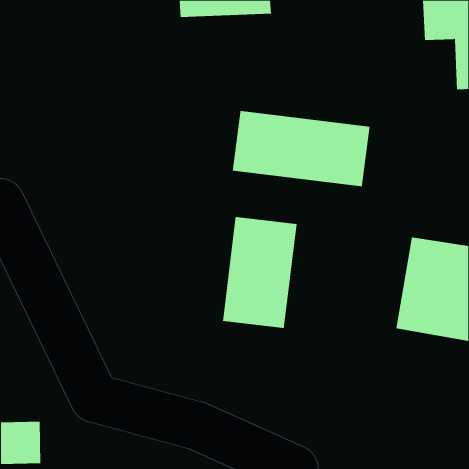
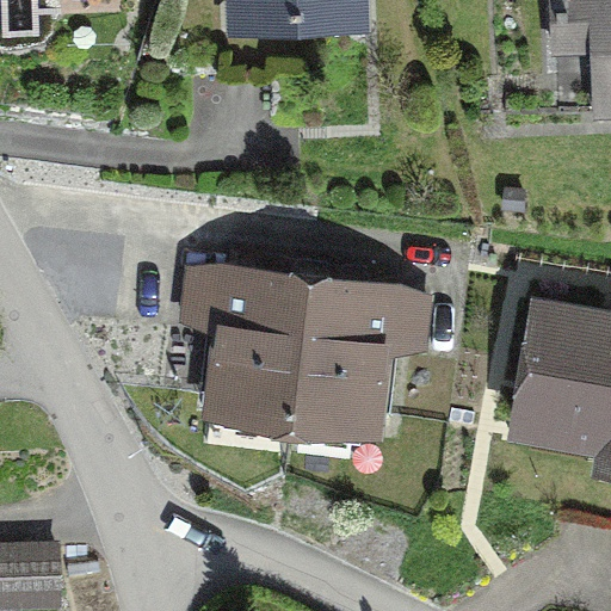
building: [232,110,370,187] -> none
building: none -> [208,272,306,418]

